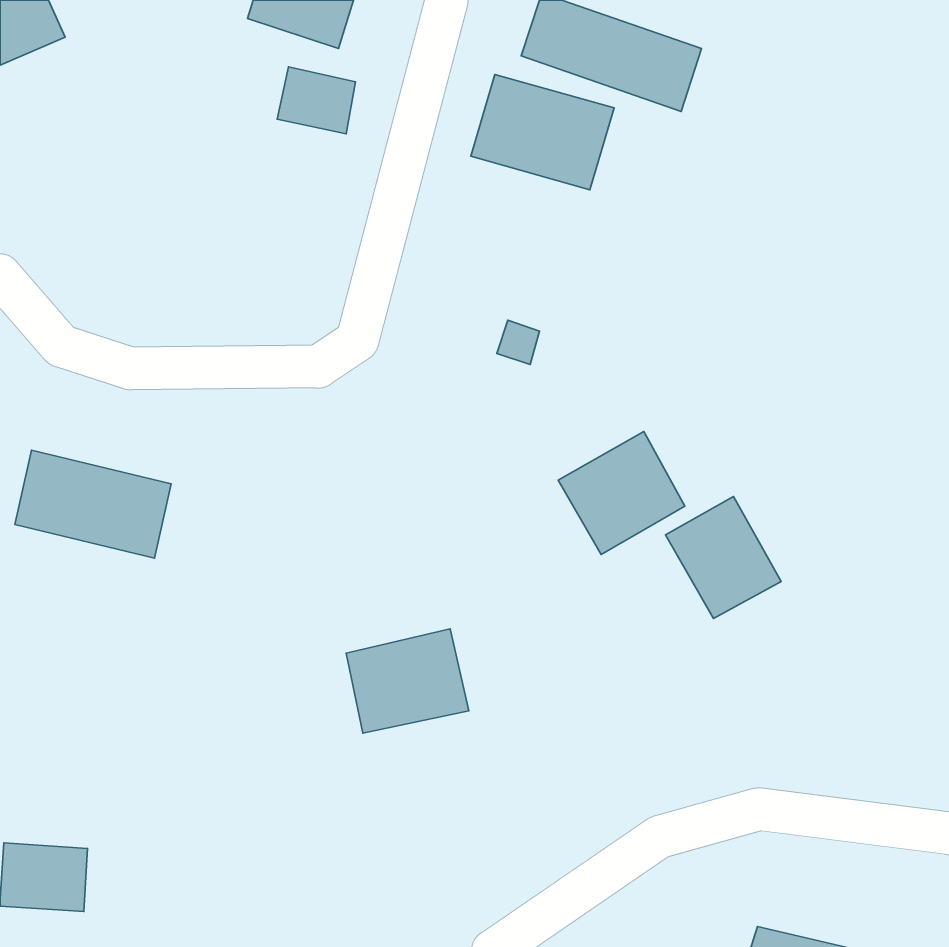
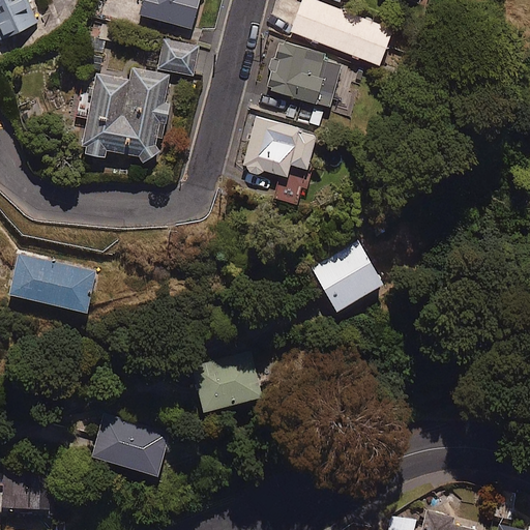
building: none -> [79,67,170,163]
building: none -> [244,118,315,176]
building: [665,496,781,619] -> none
building: none -> [91,413,171,477]

